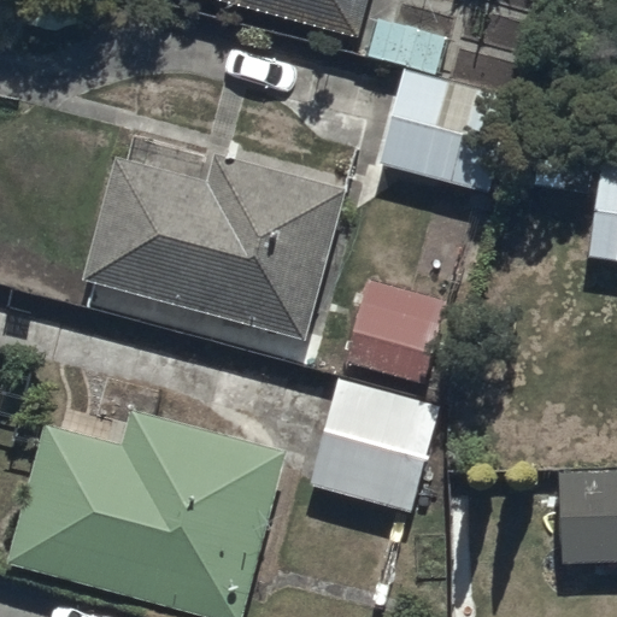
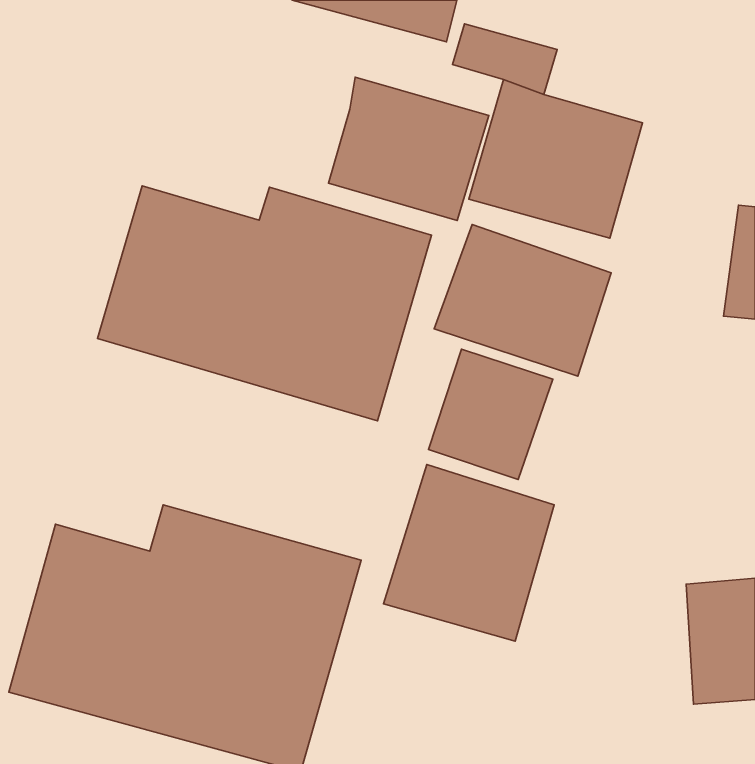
building: none -> [329,77,489,220]
building: none -> [434,225,611,376]

